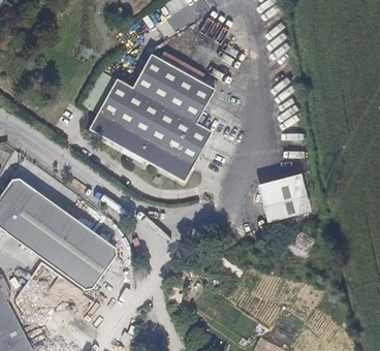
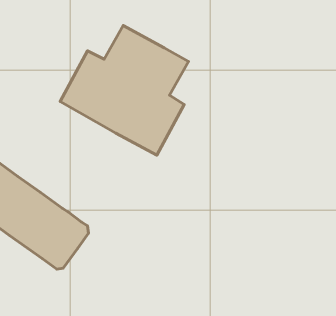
building: [257,173,310,222] -> none

